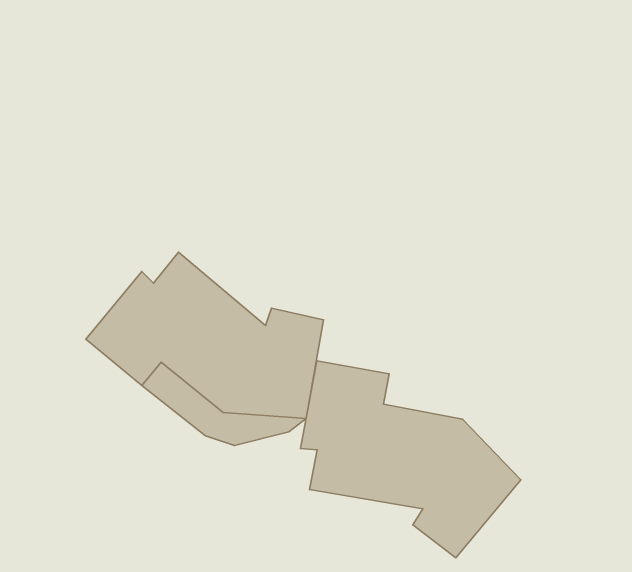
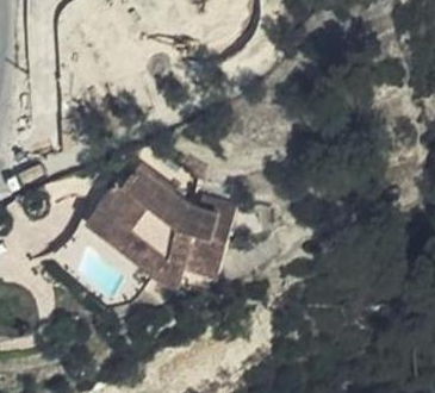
building: [301,361,521,558] -> none

